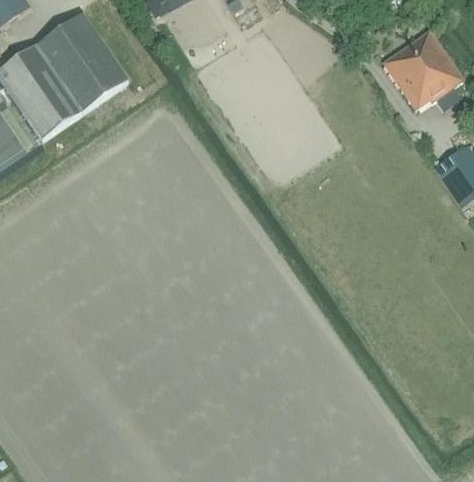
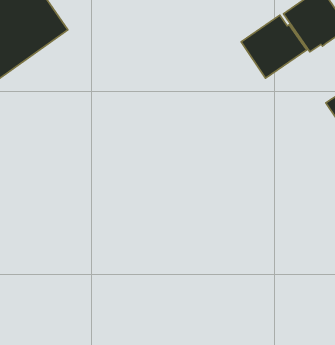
building: none -> [241,15,307,78]

